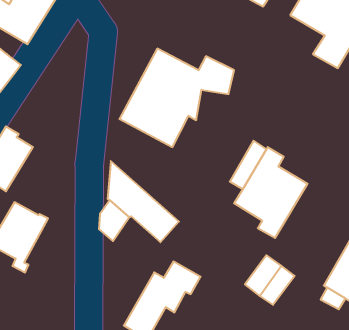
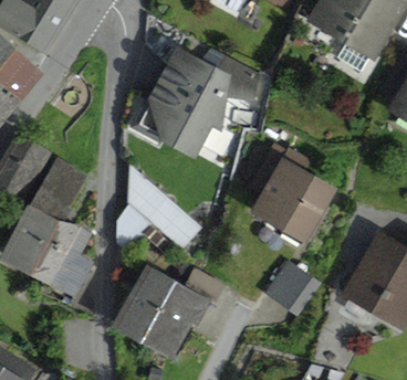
building: none -> [29,162,82,223]
building: none -> [41,226,92,292]
building: none -> [119,270,174,336]

